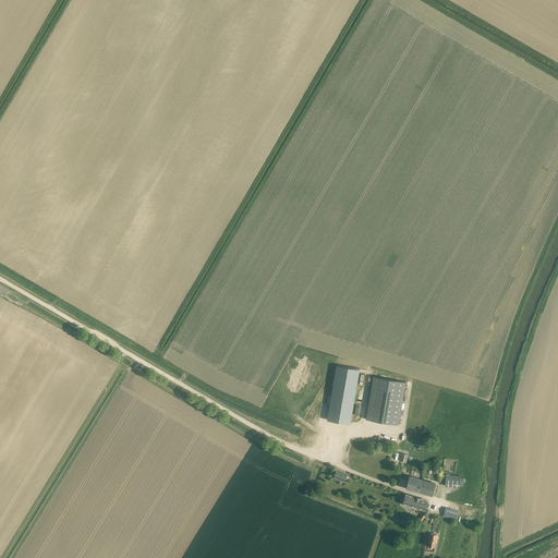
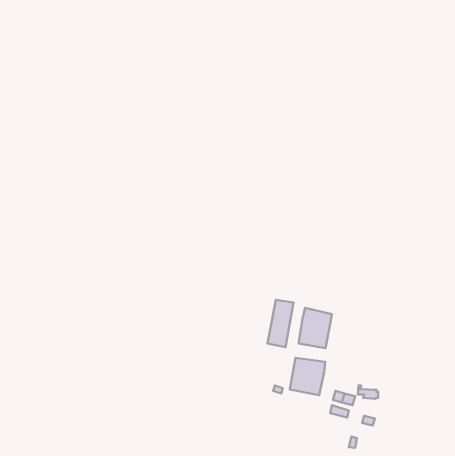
building: none -> [290,358,325,395]

